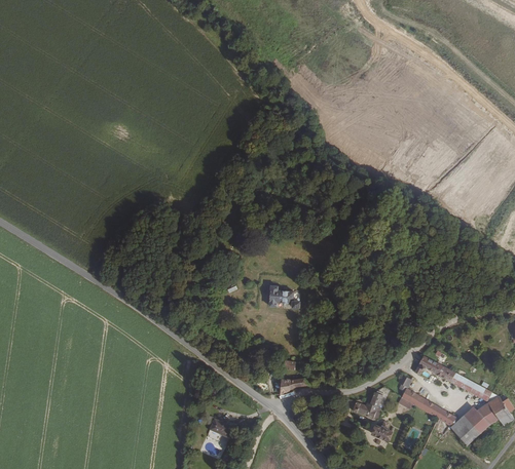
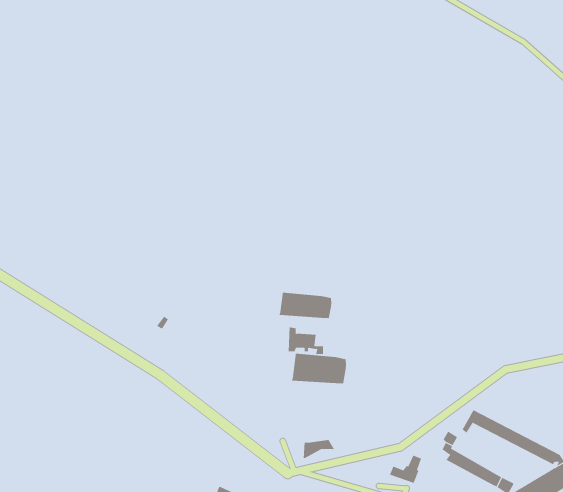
building: none -> [279,292,332,319]
building: none -> [292,353,346,384]

